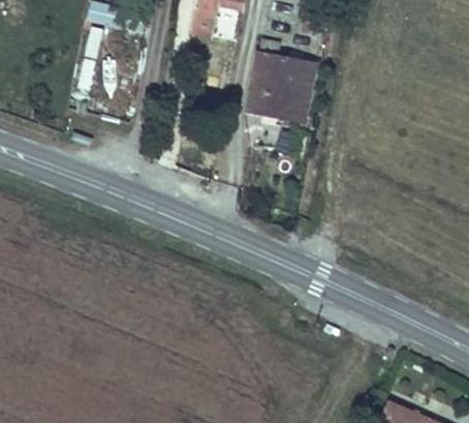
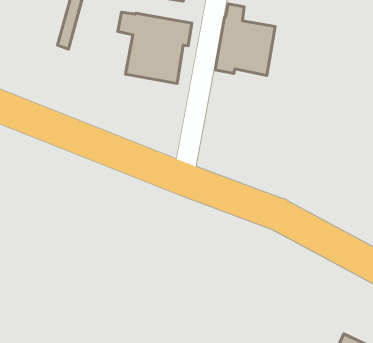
building: none -> [118,12,192,84]

